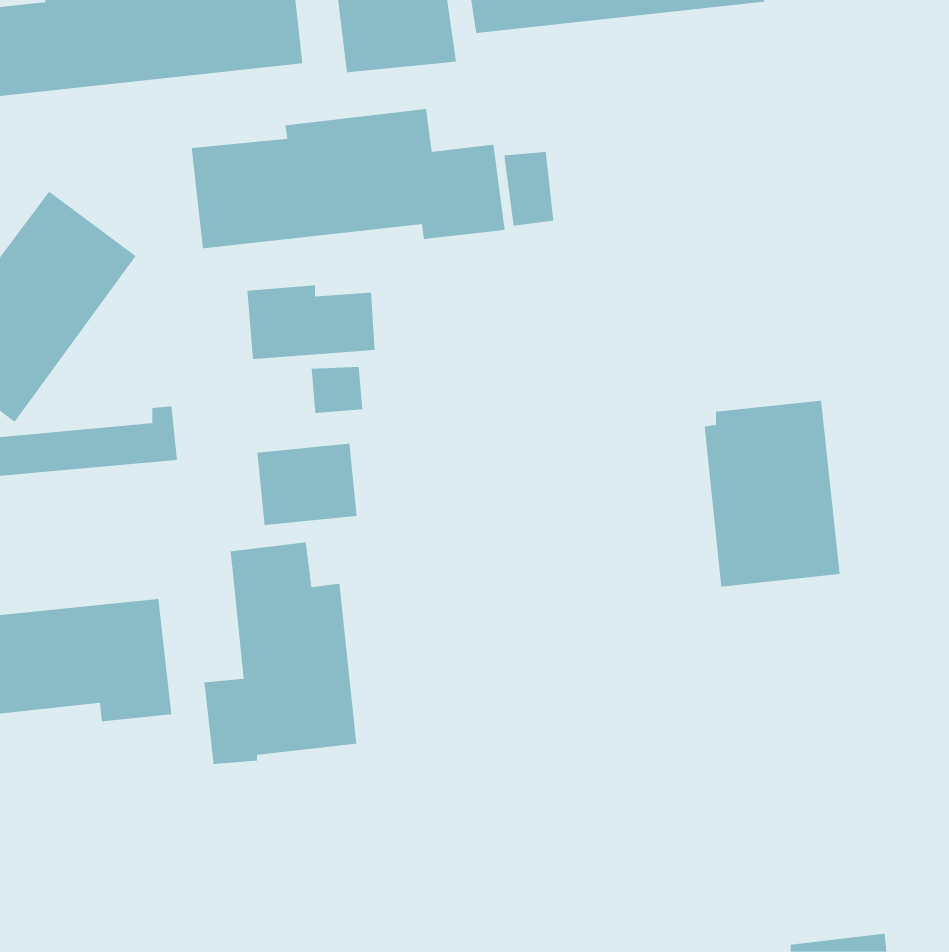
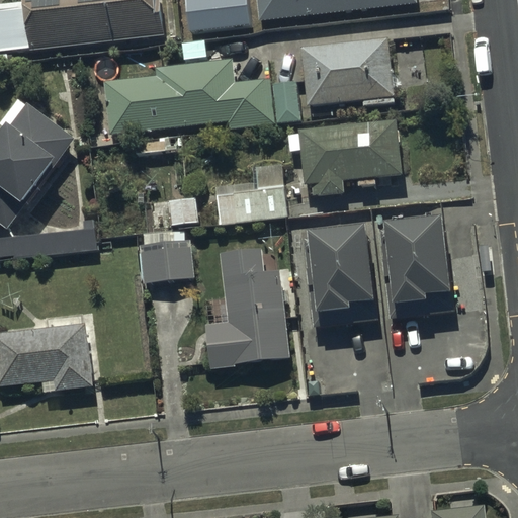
building: none -> [300,38,395,105]
building: none -> [286,119,403,197]
building: [246,285,376,360] -> [214,183,284,224]
building: none -> [304,226,378,327]
building: [204,542,357,764] -> [205,248,288,368]

